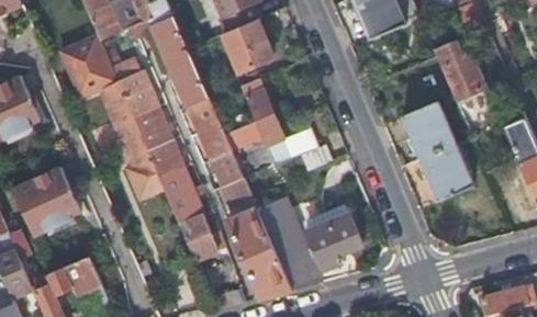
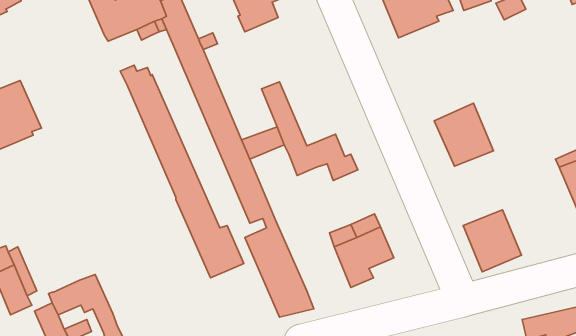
building: [222,19,272,71] -> none
building: [60,35,163,195] -> none
building: [434,42,485,99] -> none
building: [419,141,473,199] -> [463,210,522,272]
building: [11,168,79,236] -> none
building: [255,194,311,271] -> none

